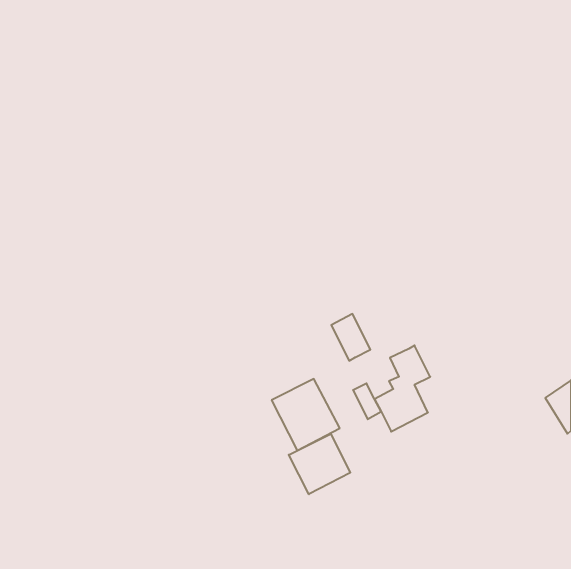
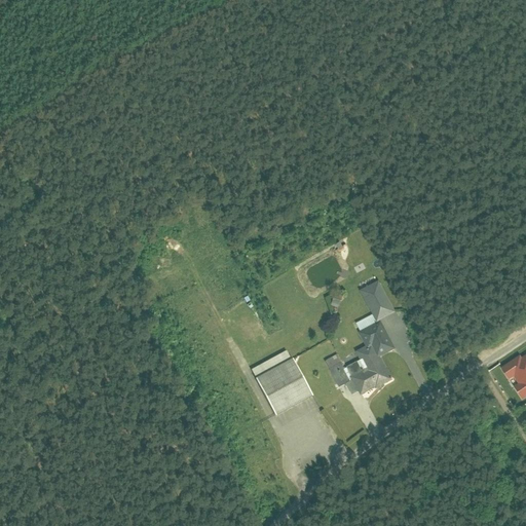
building: [331,314,370,361] -> [360,277,396,321]
building: [289,434,350,494] -> none

